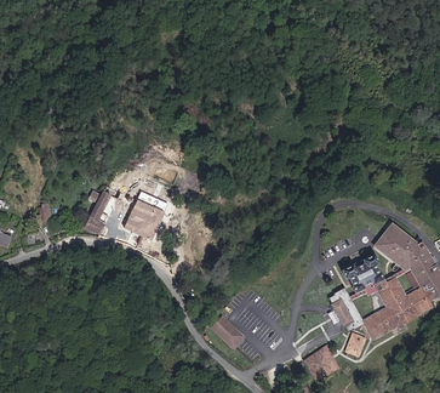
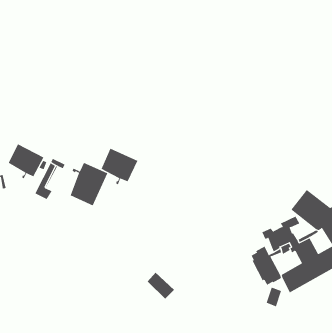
building: none -> [8,143,44,179]
building: none -> [101,148,138,185]
building: [304,348,338,380] -> none

